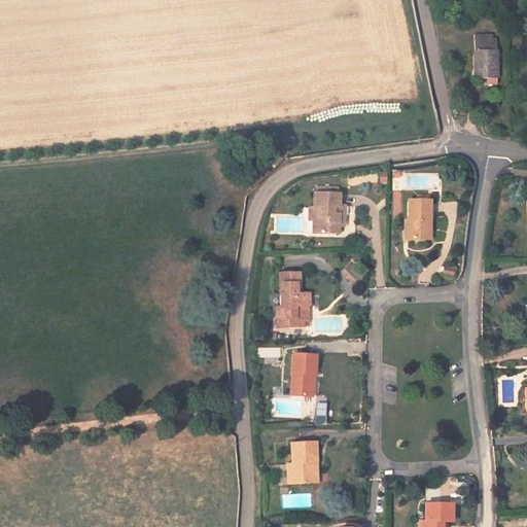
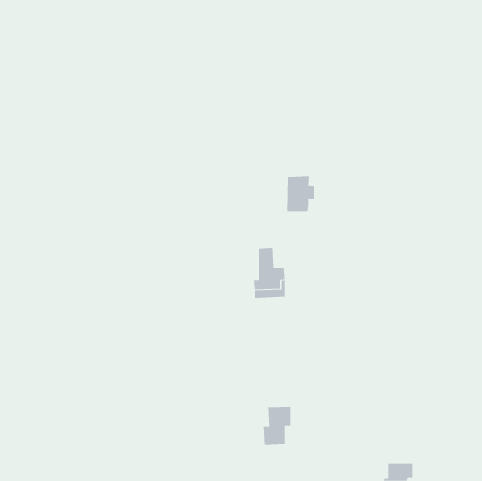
building: [476,31,499,76] -> none
building: [407,201,430,239] -> none
building: [292,353,318,397] -> none

